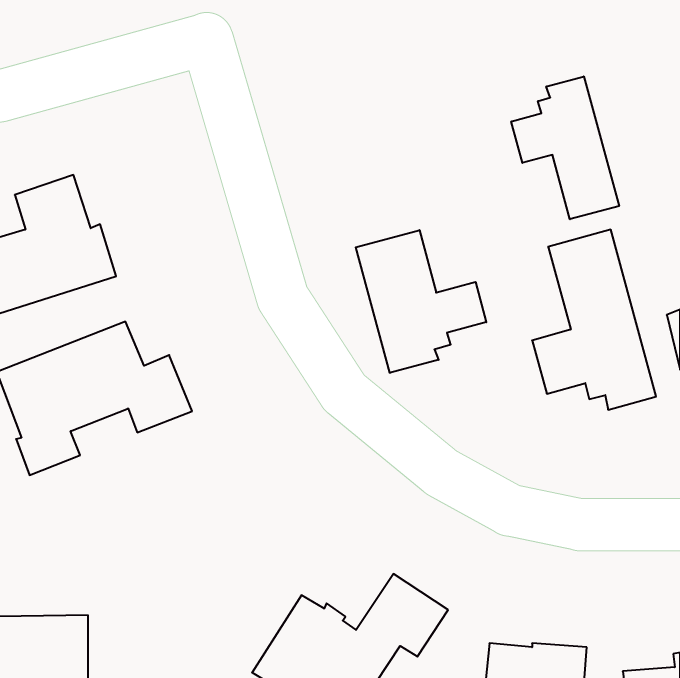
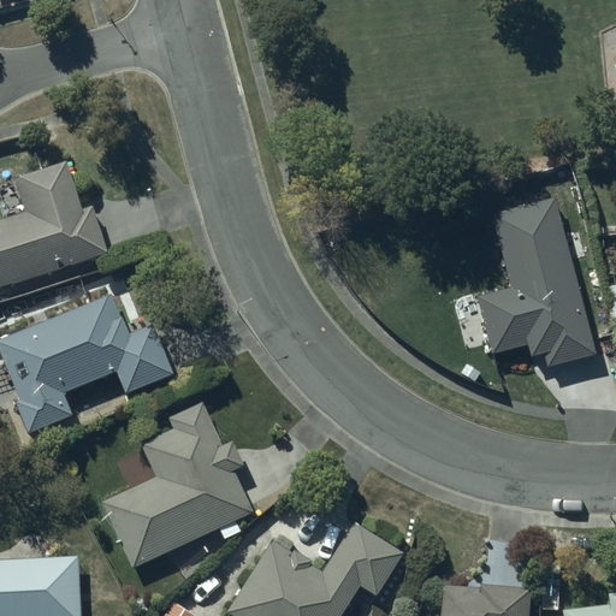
building: [511,76,619,219] -> none
building: [356,230,486,373] -> none
building: none -> [100,402,254,568]

